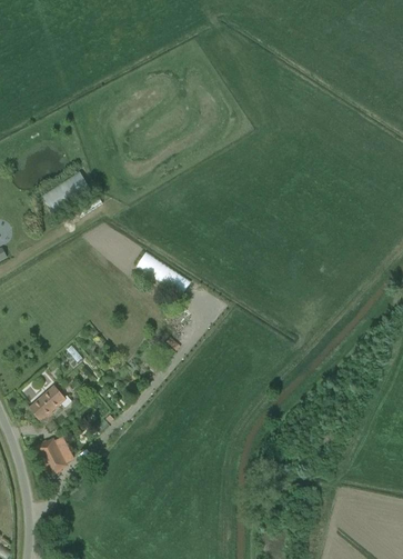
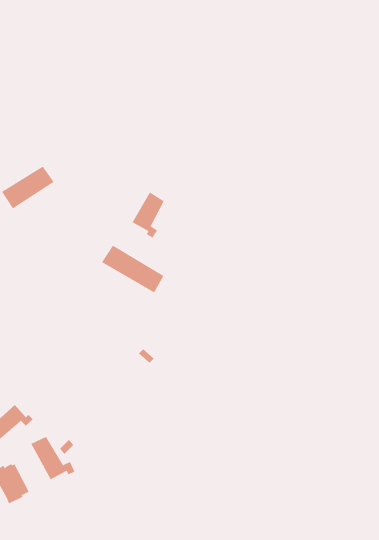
building: none -> [132,192,164,239]
building: none -> [31,436,75,480]

